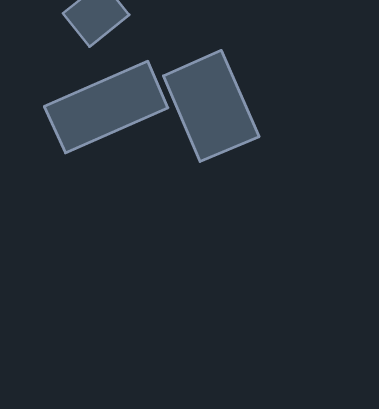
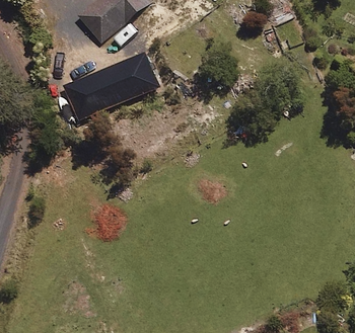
building: [163,50,259,162] -> none

